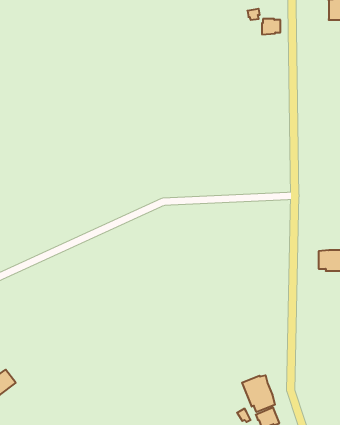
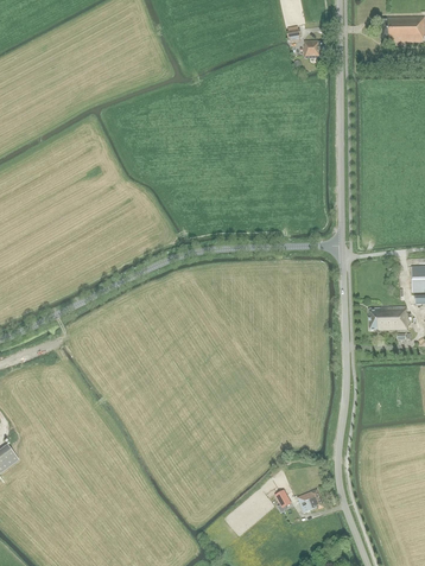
building: [242,375,275,412] -> none

